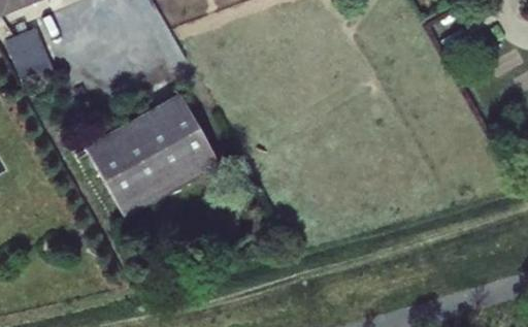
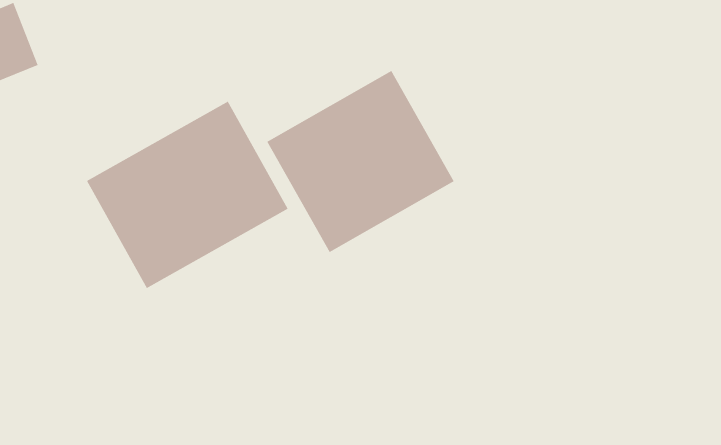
building: none -> [266,70,454,253]

